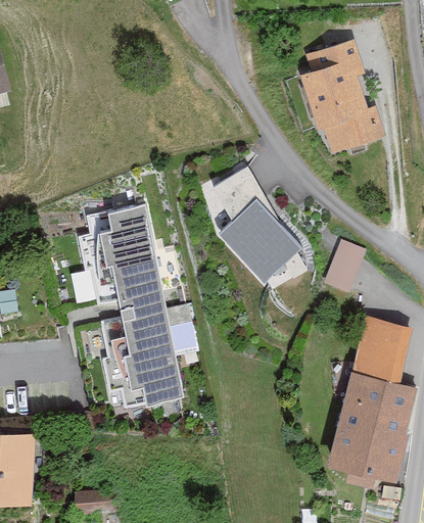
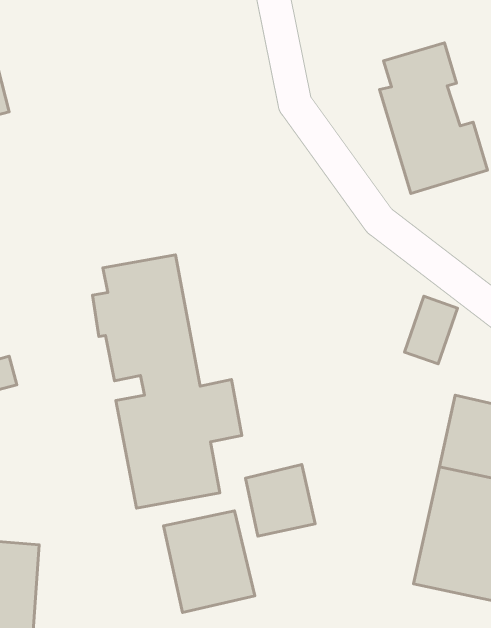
building: [217,199,299,283] -> none
building: none -> [245,464,315,536]
building: none -> [163,511,255,613]

